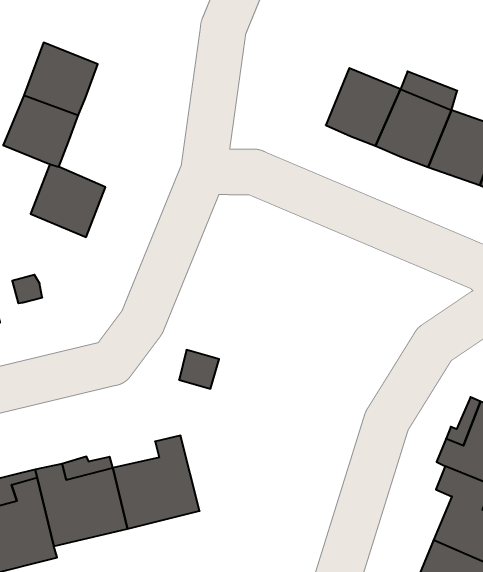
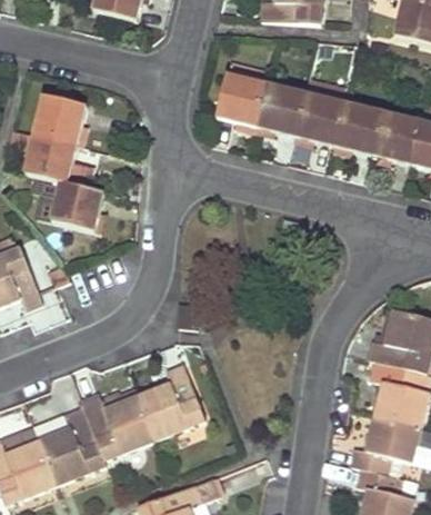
building: none -> [216,63,268,127]

